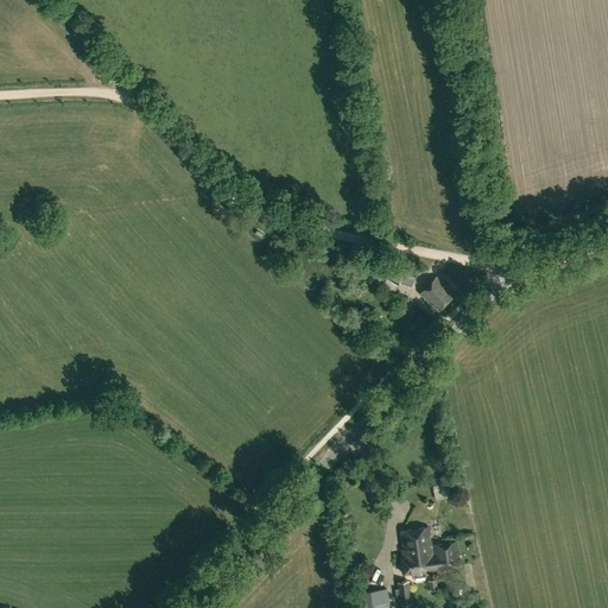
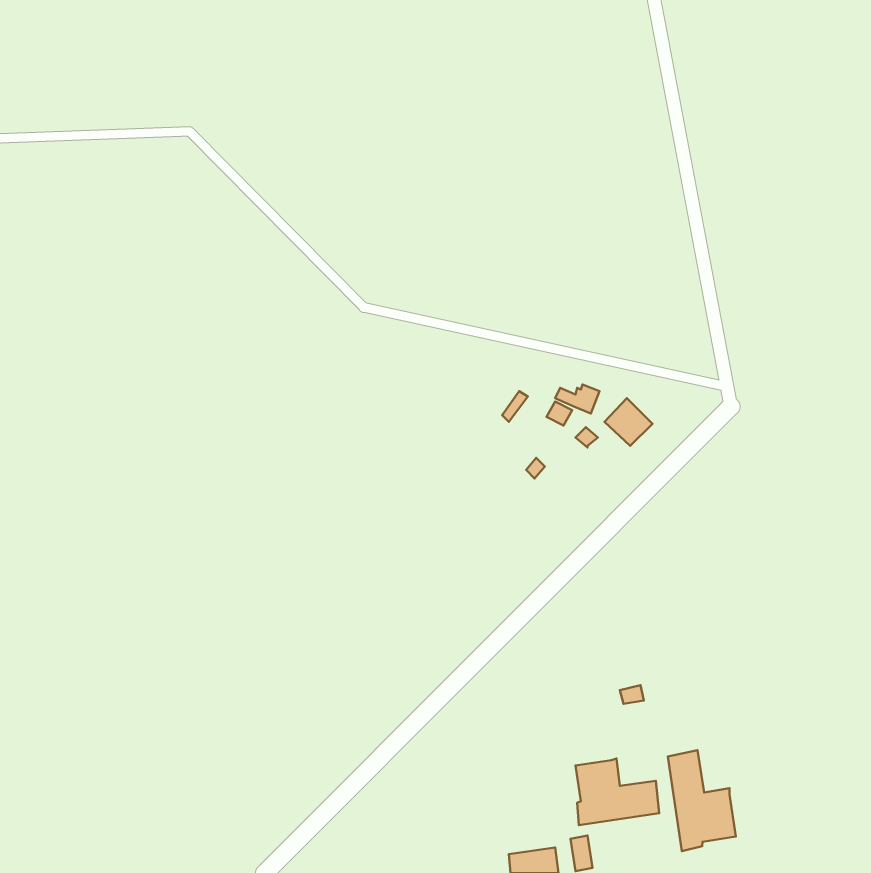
building: none -> [668,750,736,851]

